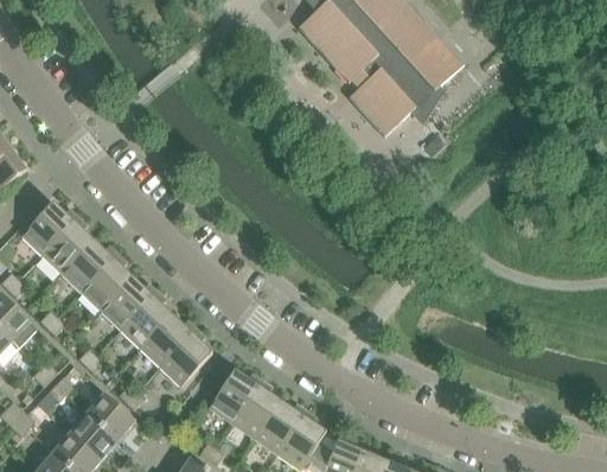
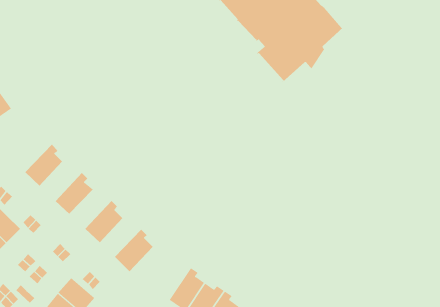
building: [20,203,77,255] -> none
building: [60,241,116,293] -> none
building: [100,278,155,330] -> none
building: [140,315,194,366] -> none
building: [207,370,260,423] -> none

